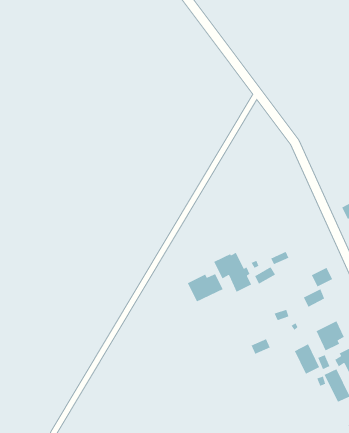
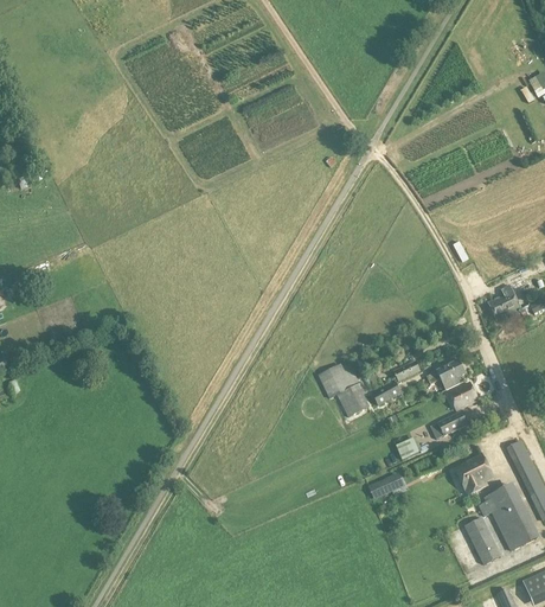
building: none -> [427,359,464,389]
building: [187,273,224,302] -> none
building: [294,343,320,375] -> none

